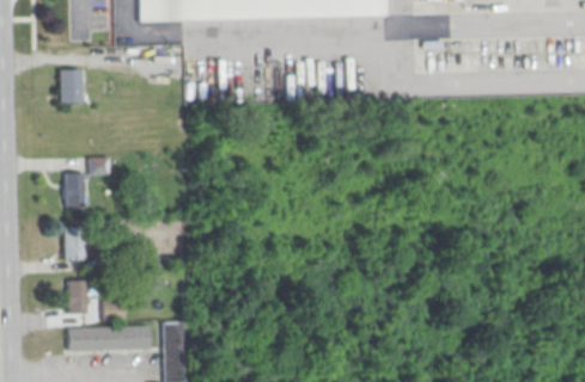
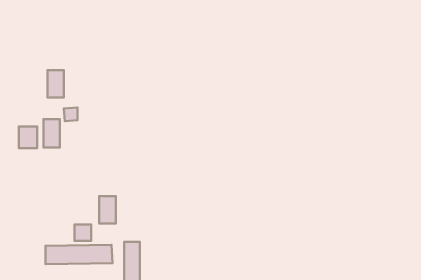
building: [61,69,81,103] -> [47,70,64,97]
building: [65,233,87,259] -> [19,127,37,148]
building: [67,281,87,314] -> [99,196,116,223]

